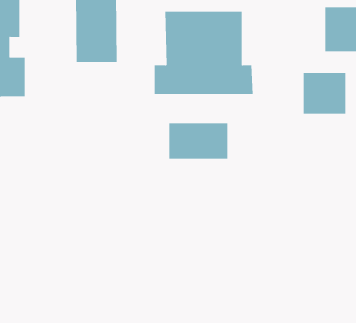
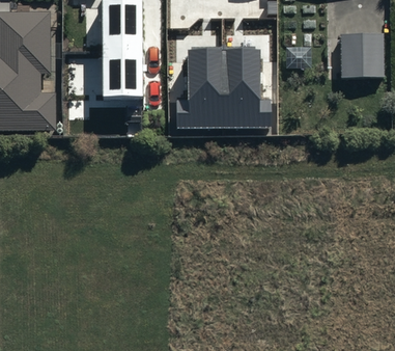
building: [303,72,346,114] -> none
building: [169,122,228,159] -> none

